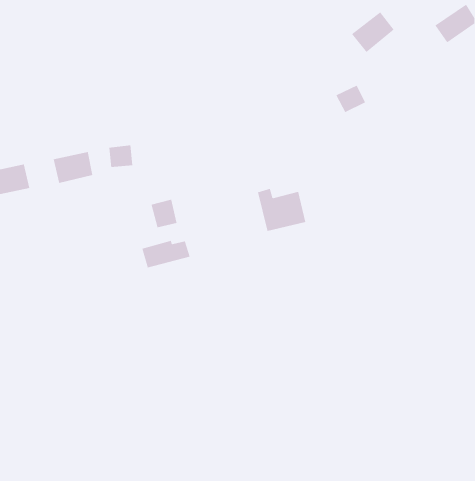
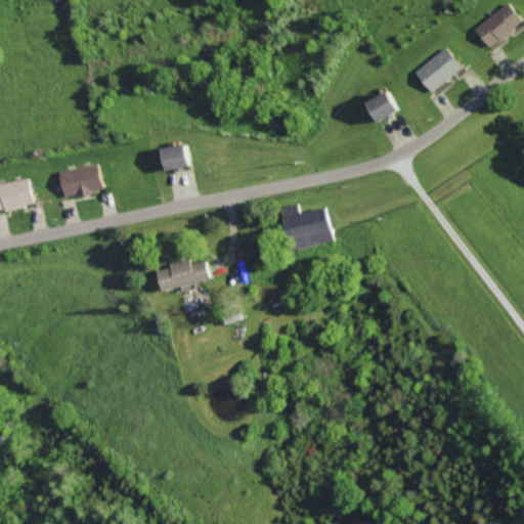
building: [351,12,395,53] -> [412,48,460,93]
building: [109,145,133,167] -> [163,146,189,171]
building: [151,199,177,228] -> none

